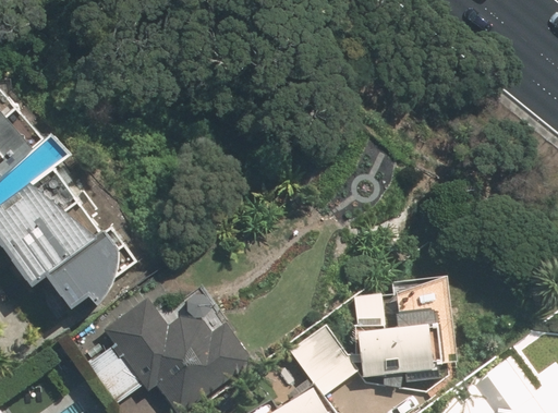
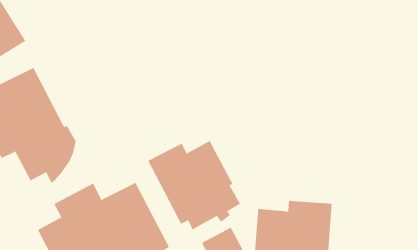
building: none -> [147,140,241,230]

